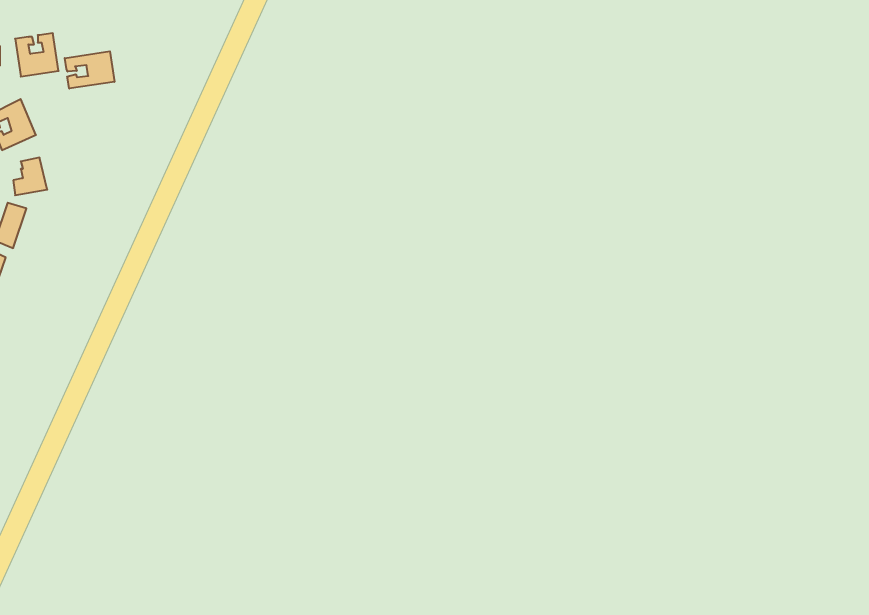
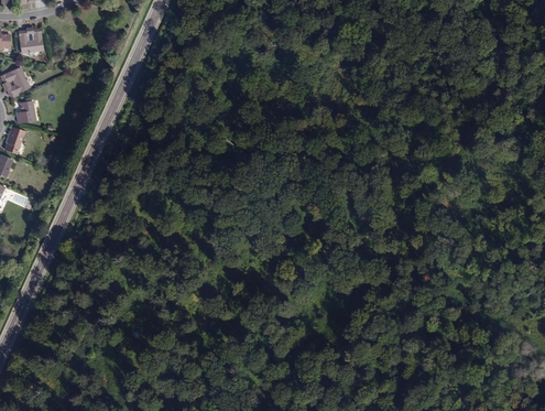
building: [65,51,114,89] -> none

